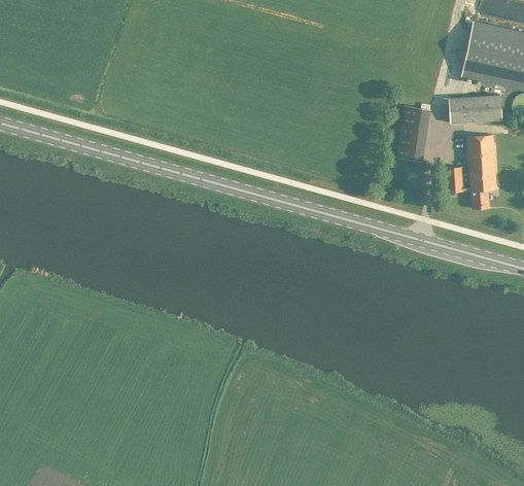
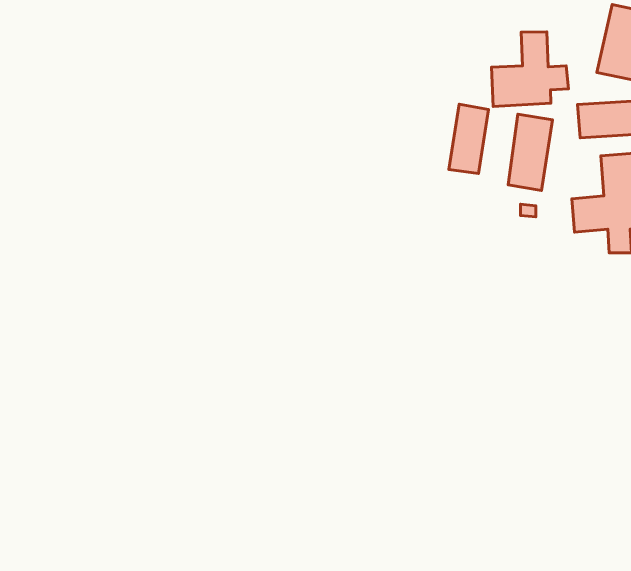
building: none -> [491,32,569,106]
building: none -> [449,104,488,174]

